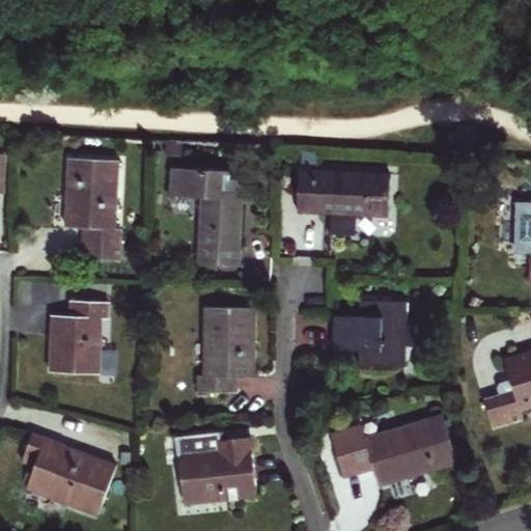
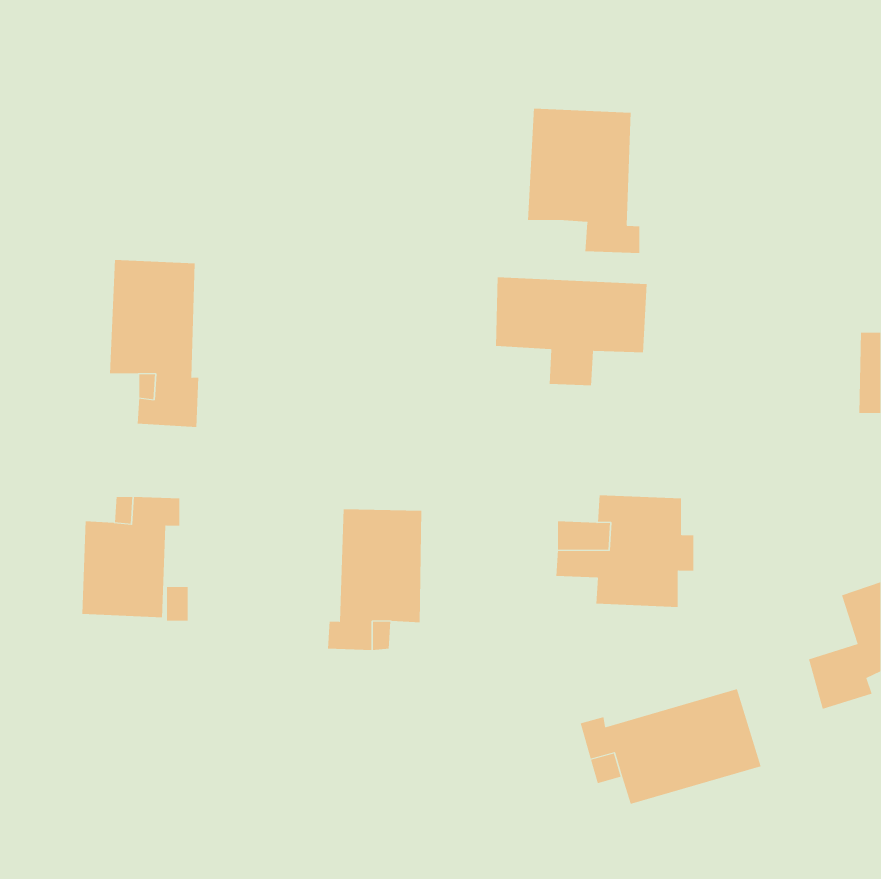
building: none -> [527,108,640,254]
building: [171,168,243,269] -> none
building: [176,432,256,502] -> none
building: [22,436,115,513] -> none

